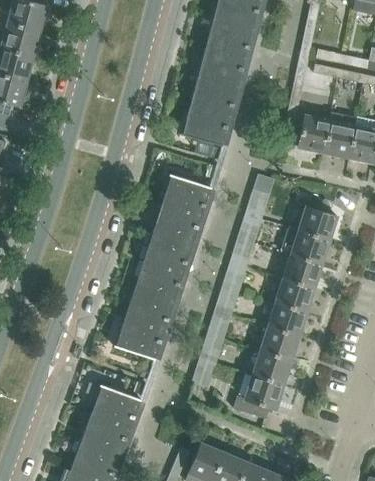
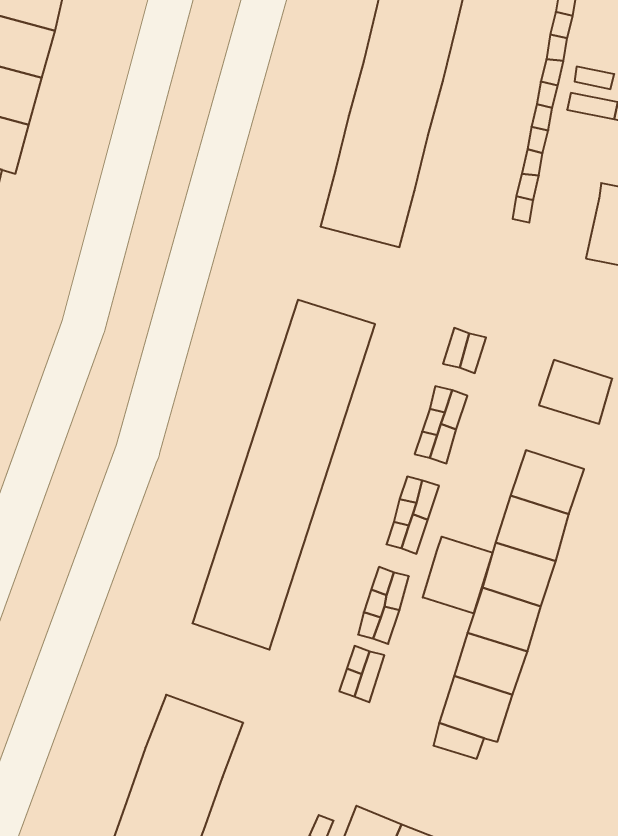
building: [299,115,331,152] -> none
building: [282,227,331,264] -> none
building: none -> [423,537,493,614]

